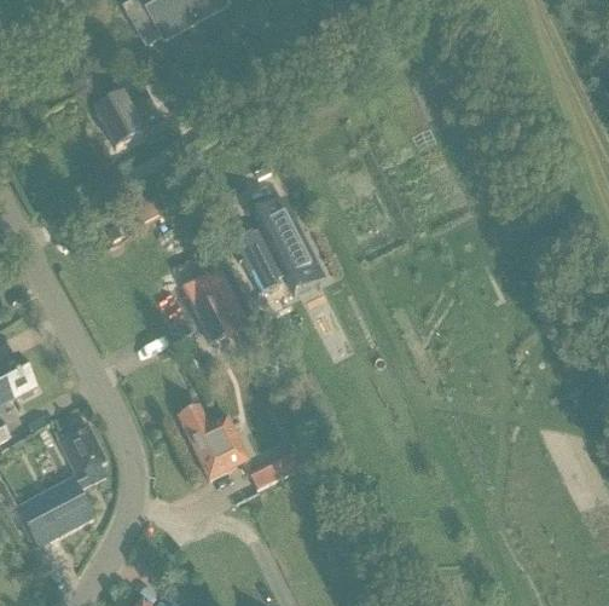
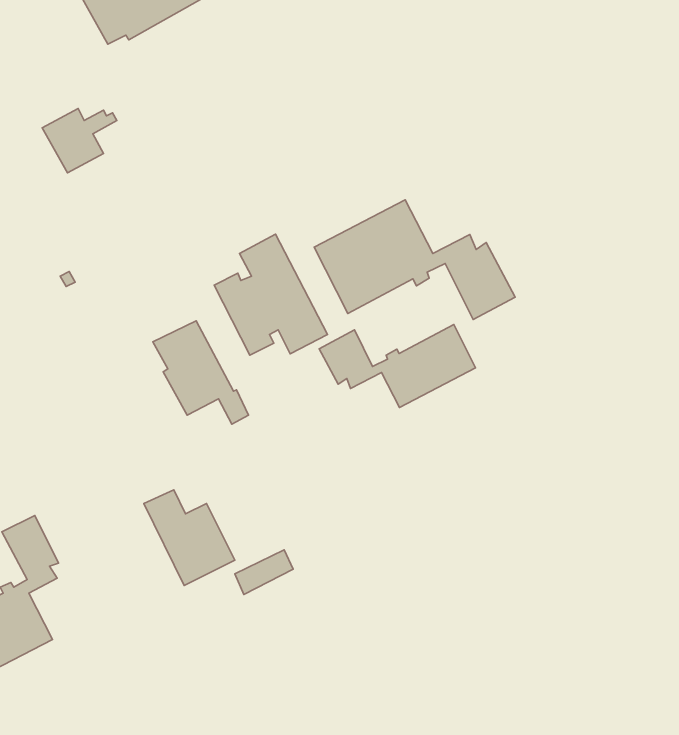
building: none -> [314,200,515,320]
building: none -> [319,325,476,408]

